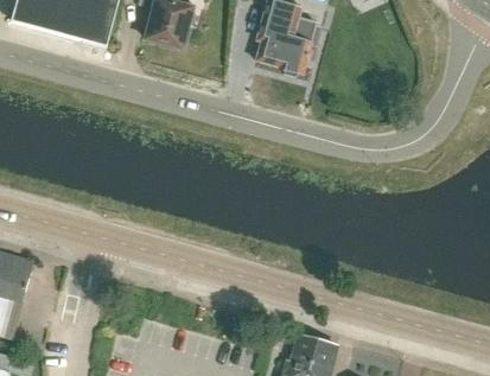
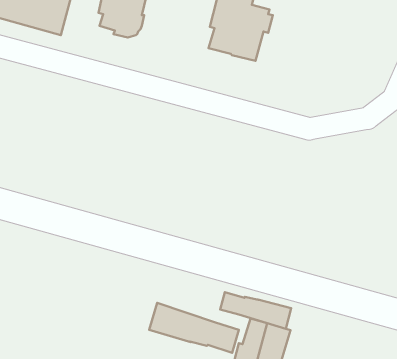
building: none -> [220,292,291,329]
building: none -> [149,303,239,353]

